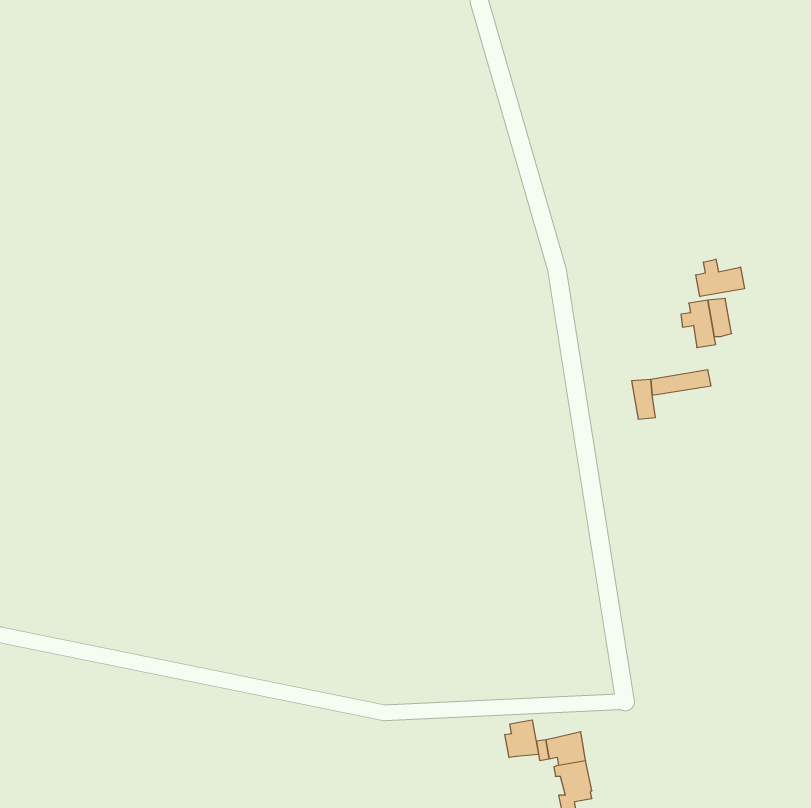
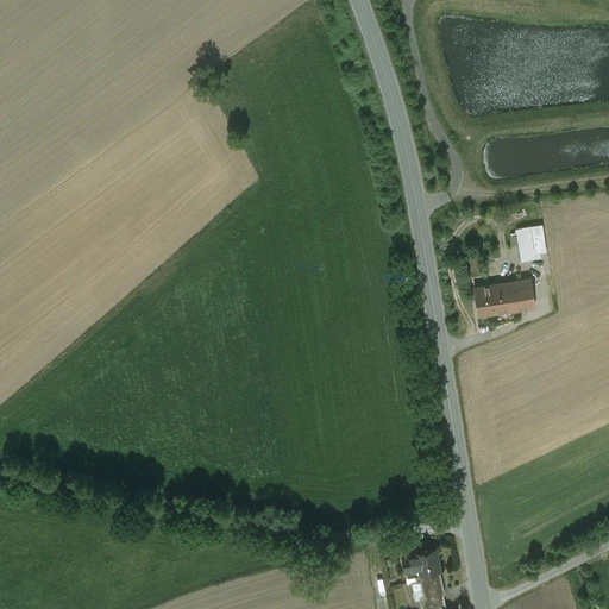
building: [696,259,744,297] -> none
building: none -> [489,291,535,315]
building: [505,720,539,758] -> none

